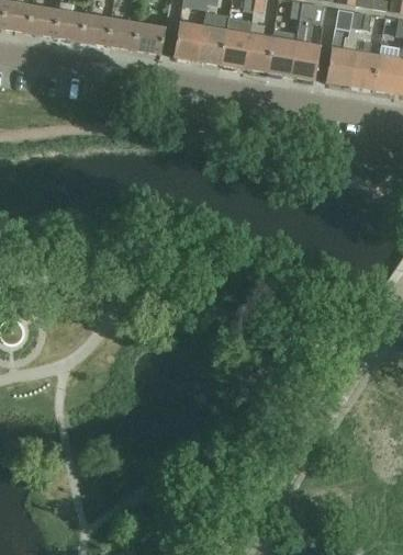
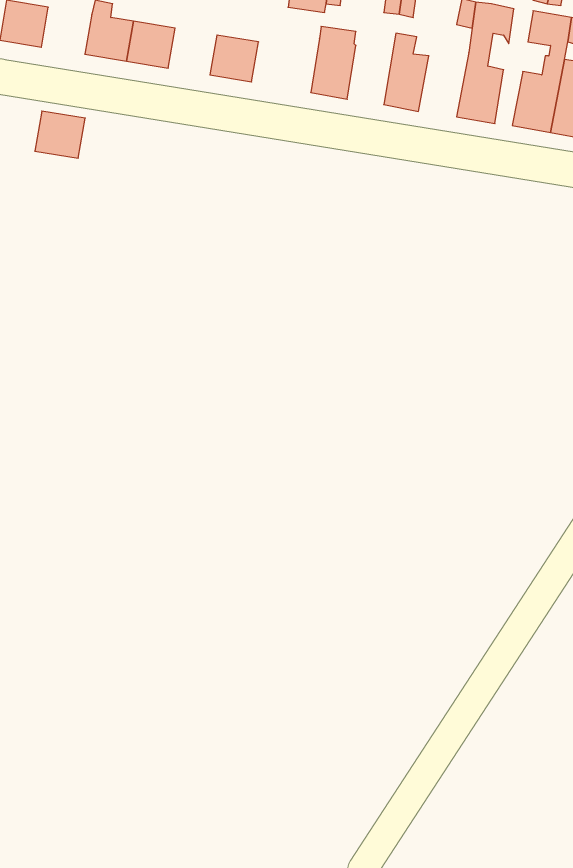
building: [27,5,59,35] -> [35,111,85,158]
building: [108,19,138,48] -> none
building: [221,19,251,67] -> none
building: [175,22,203,59] -> none
building: [266,30,298,75] -> none

